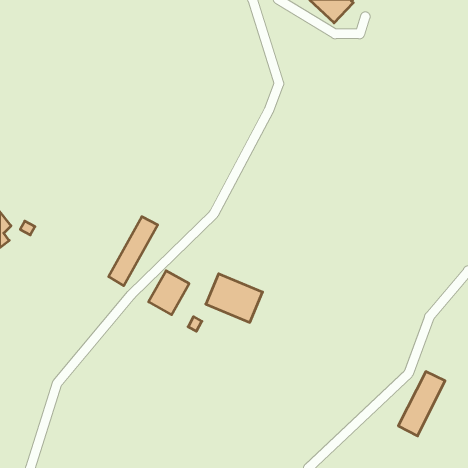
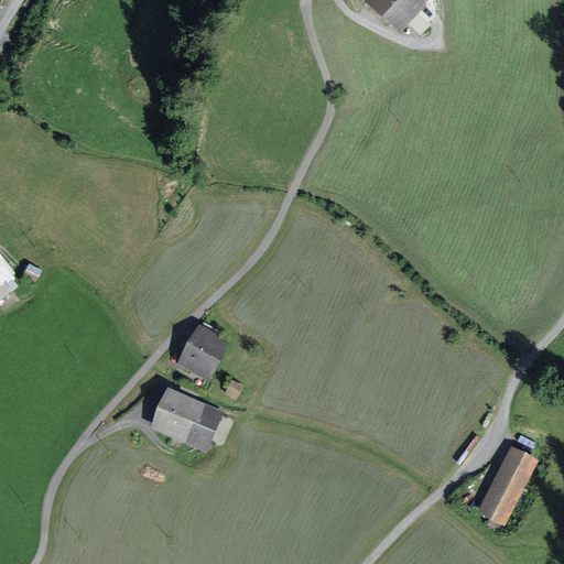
building: [109,217,158,286] -> none
building: [206,274,263,322] -> [152,389,220,447]

